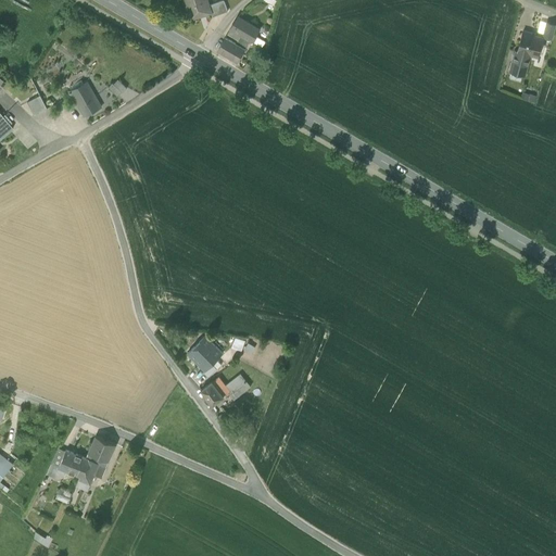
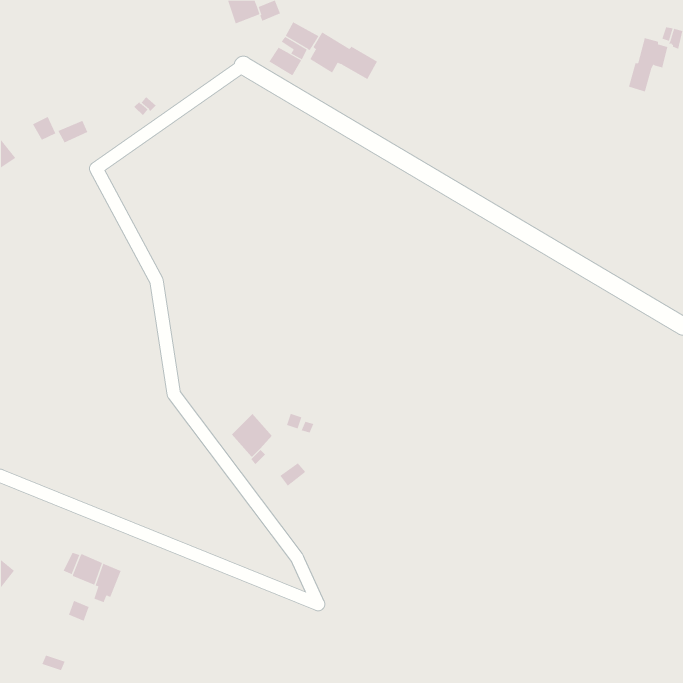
building: none -> [309,32,378,80]
building: [70,83,98,114] -> none
building: [201,377,230,405] -> none
building: [86,435,116,467] -> none

